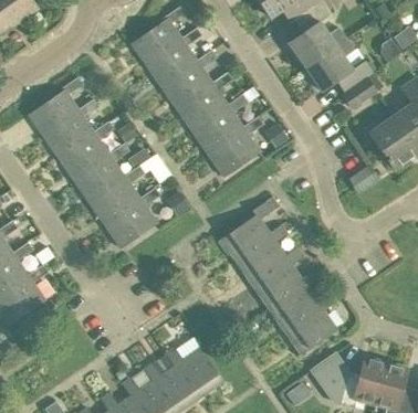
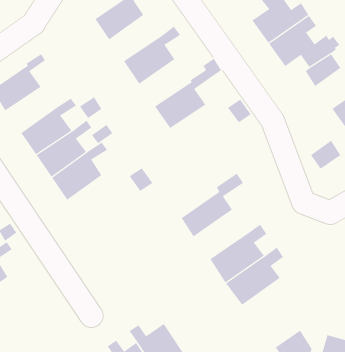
building: [146,28,201,84] -> none
building: [176,72,232,129] -> none
building: [42,98,98,156] -> none
building: [207,116,263,176] -> none
building: [104,187,160,247] -> none
building: [230,223,289,282] -> none
building: [279,293,337,357] -> none

